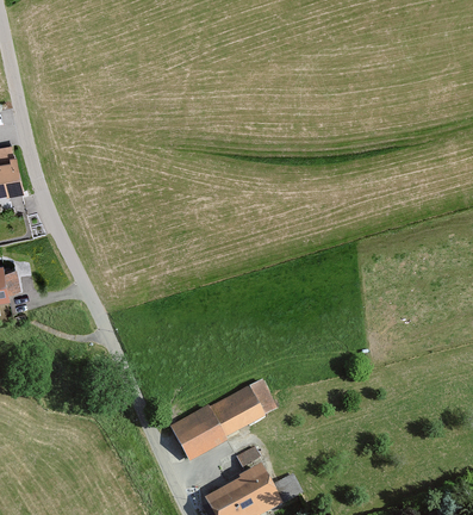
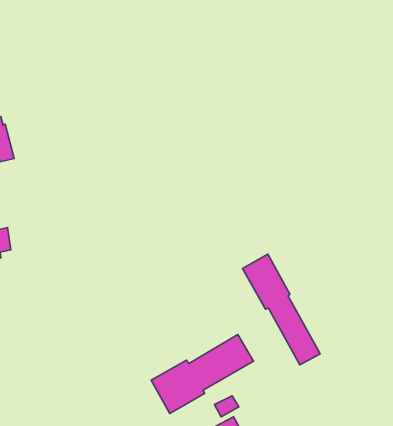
building: none -> [242,254,320,365]

